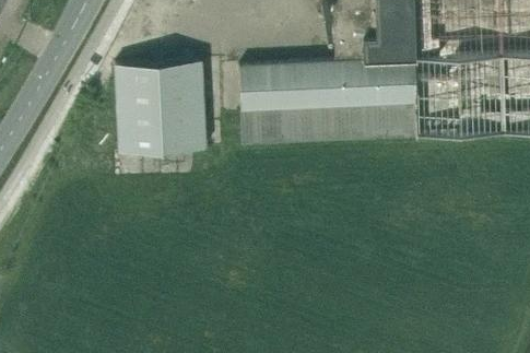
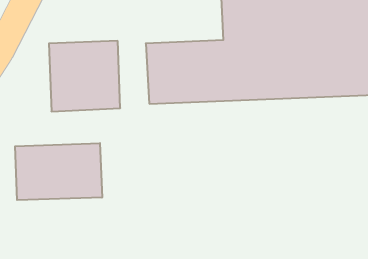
building: none -> [15,143,102,200]

